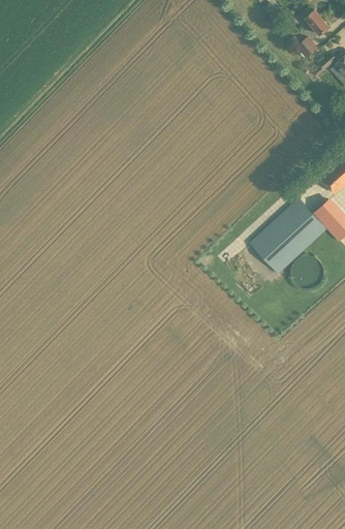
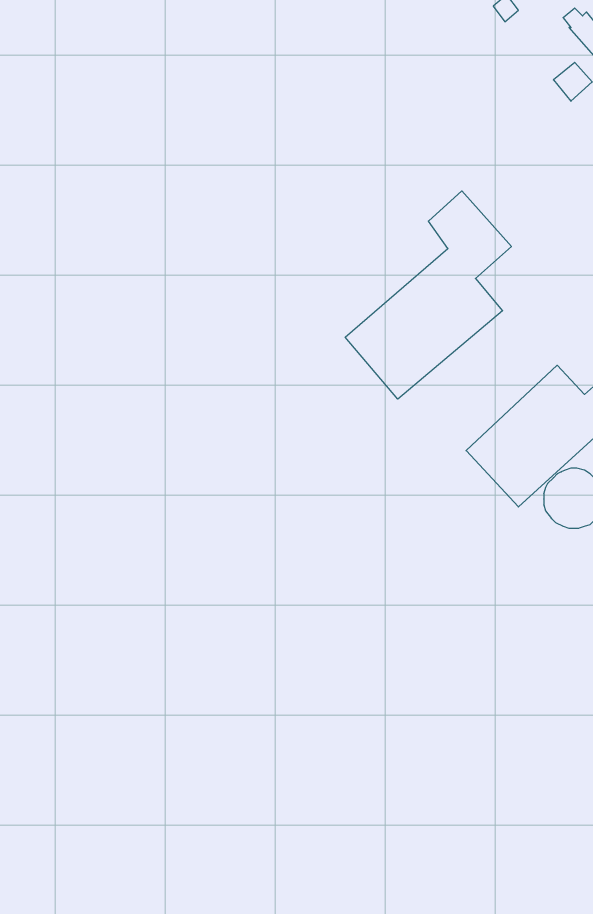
building: none -> [345,191,511,399]

